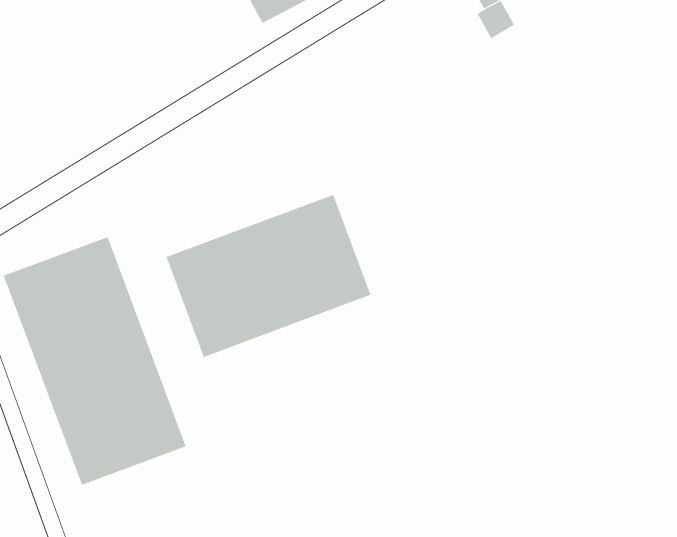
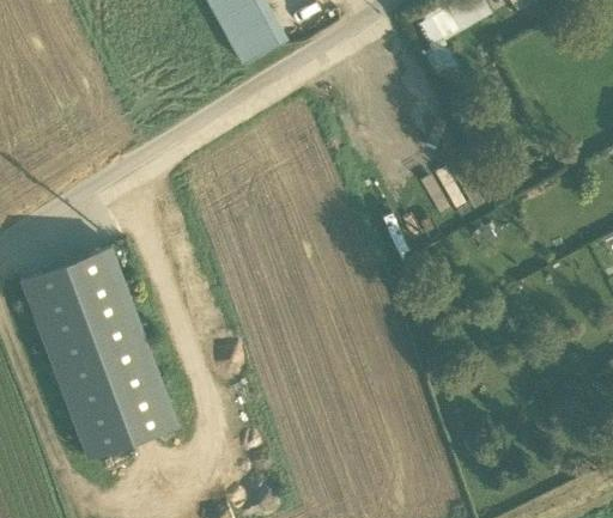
building: [166,194,371,358] -> none

